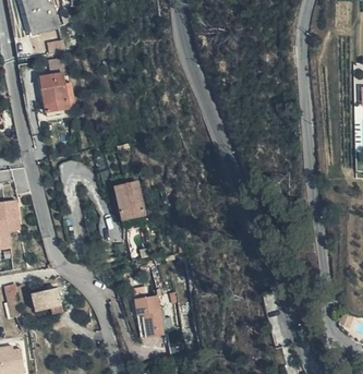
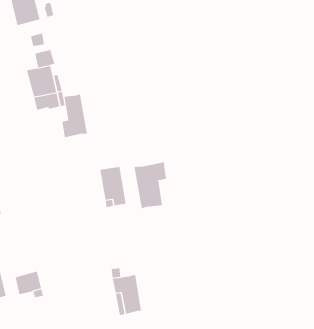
building: none -> [62,93,87,138]
building: none -> [134,161,167,209]

